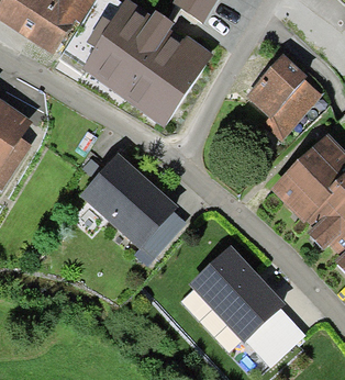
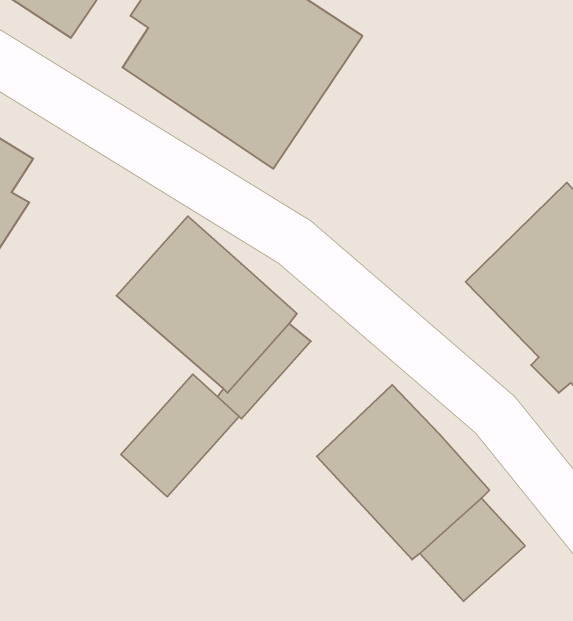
building: [245,55,323,139] -> none
building: none -> [121,374,239,497]

